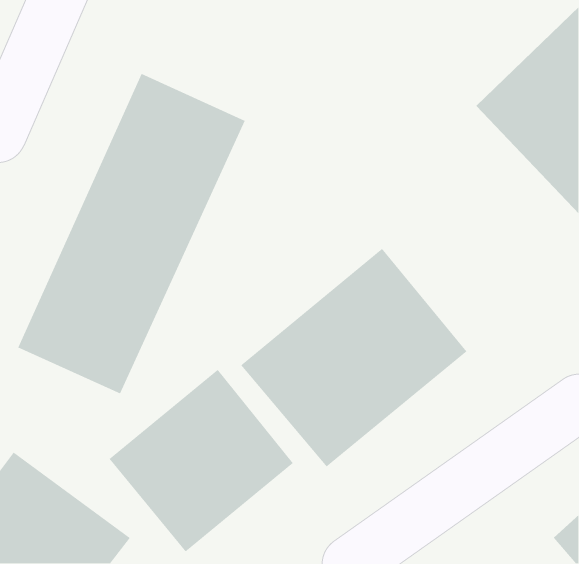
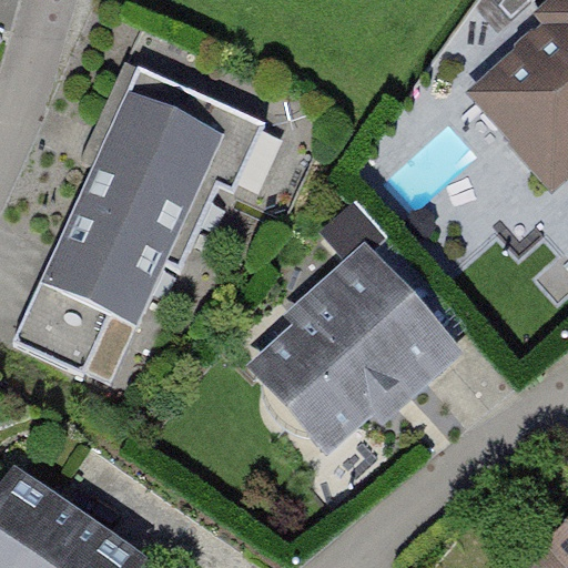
building: [109,369,294,552] -> none

